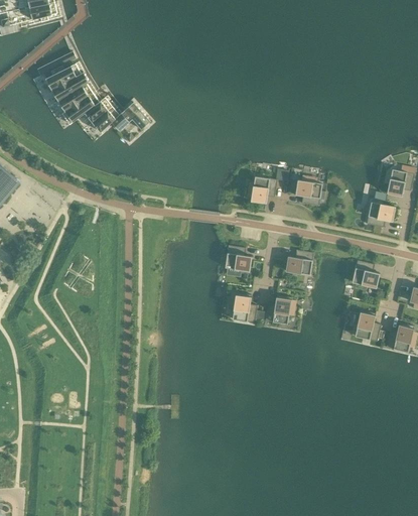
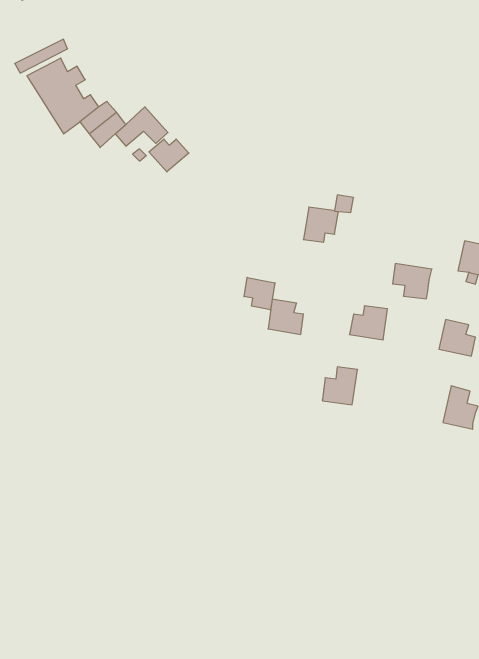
building: none -> [149,139,189,172]
building: [293,179,322,206] -> [393,264,432,299]
building: none -> [244,277,275,310]
building: [232,292,257,322] -> none

